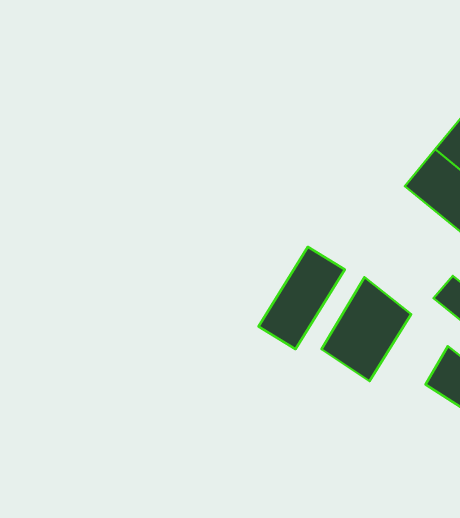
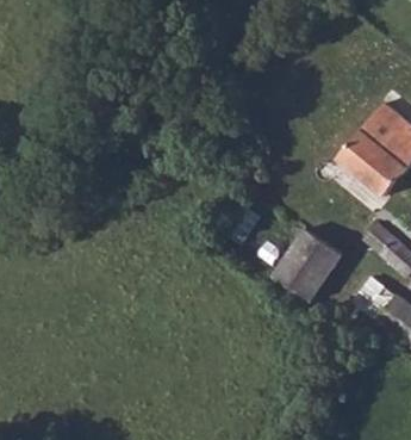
building: [258,247,345,349] -> none

